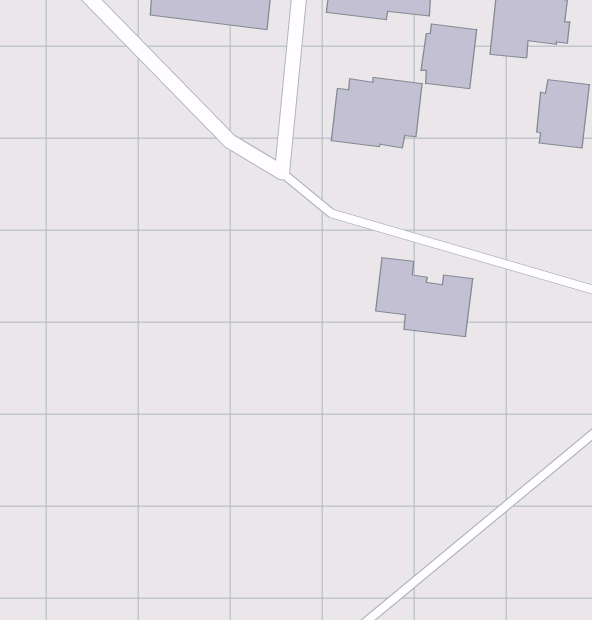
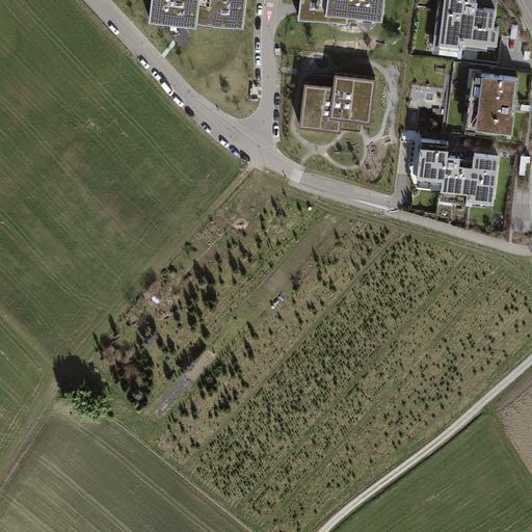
building: [421,24,477,89] -> none
building: [376,258,473,337] -> [416,139,498,206]

